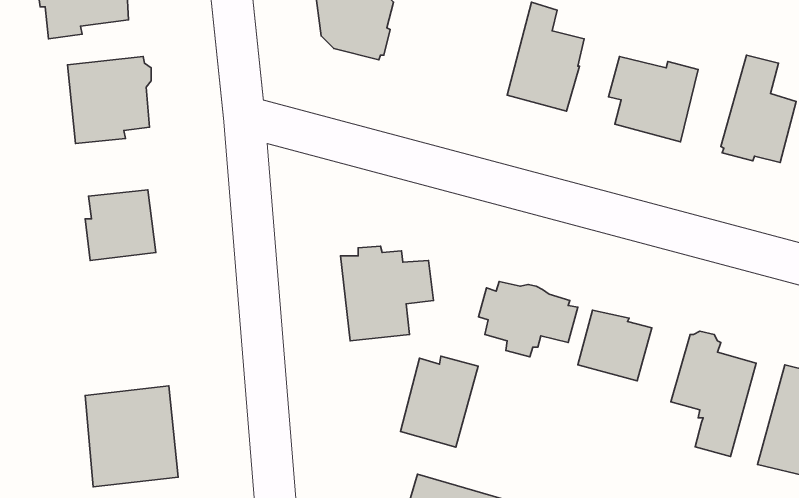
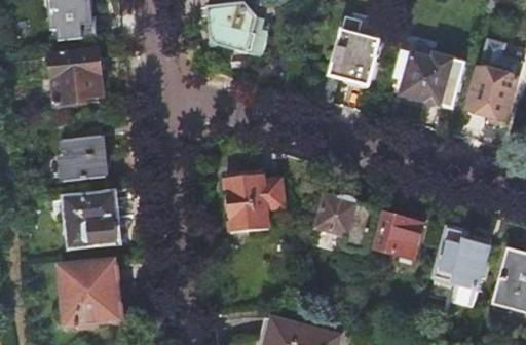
building: none -> [66,194,115,244]
building: [400,356,478,447] -> none

